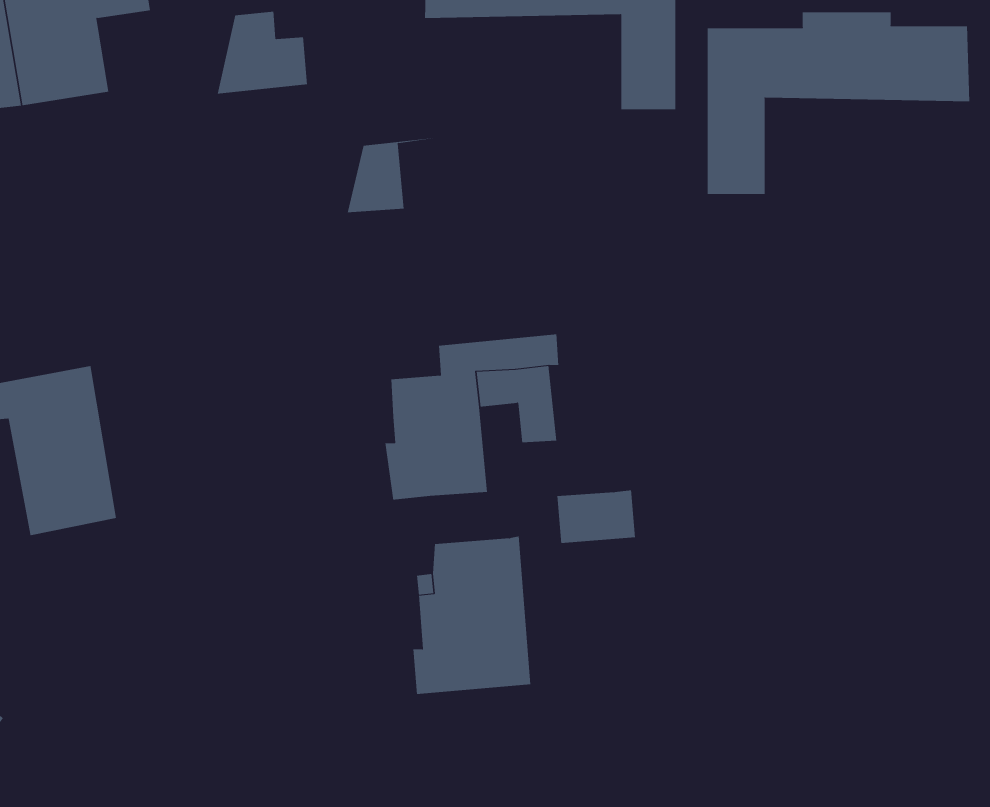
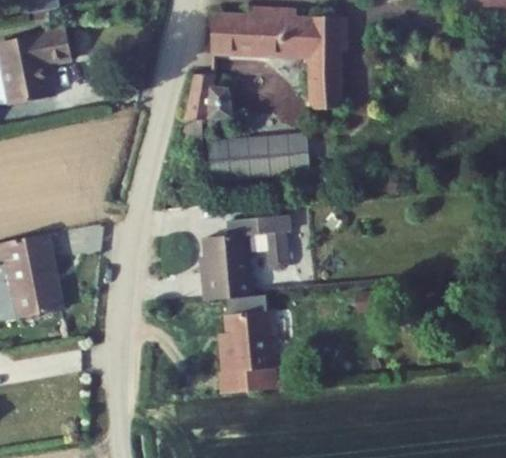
building: [217,11,308,94] -> [186,77,232,119]
building: [707,11,970,195] -> none
building: none -> [210,132,312,178]
building: [557,490,636,544] -> [220,293,260,320]

